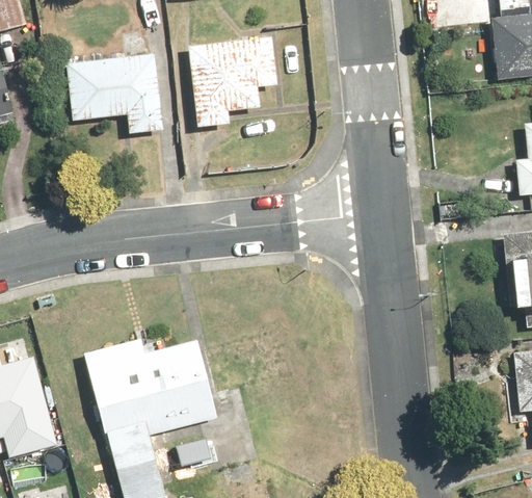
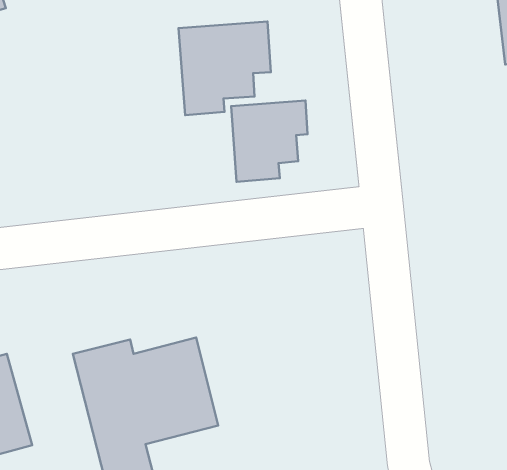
building: [65,54,164,135] -> none
building: none -> [231,101,308,182]

